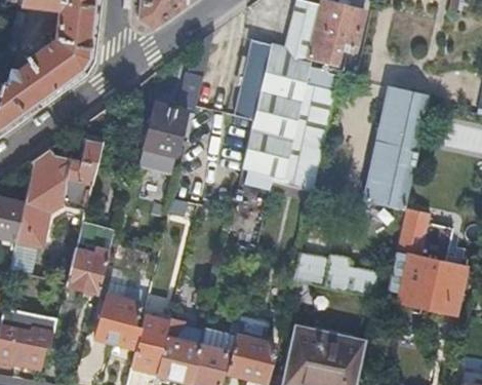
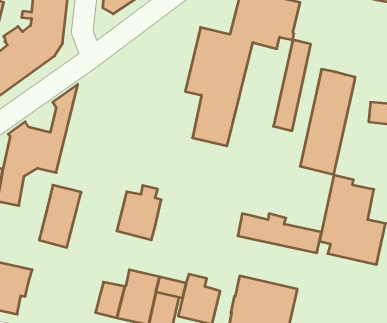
building: [143,32,214,156] -> none
building: [292,87,335,192] -> [273,40,311,131]
building: [95,286,147,349] -> [117,185,161,240]

